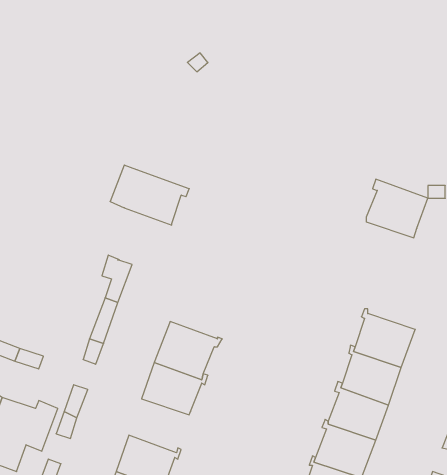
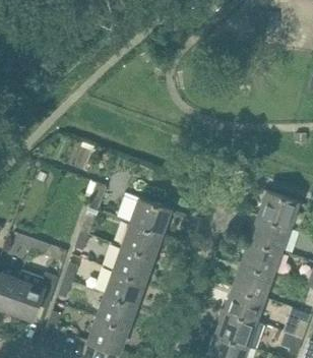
building: [110,165,189,225] -> [122,196,173,235]
building: [366,179,428,238] -> [258,191,298,229]
building: none -> [105,274,147,308]

